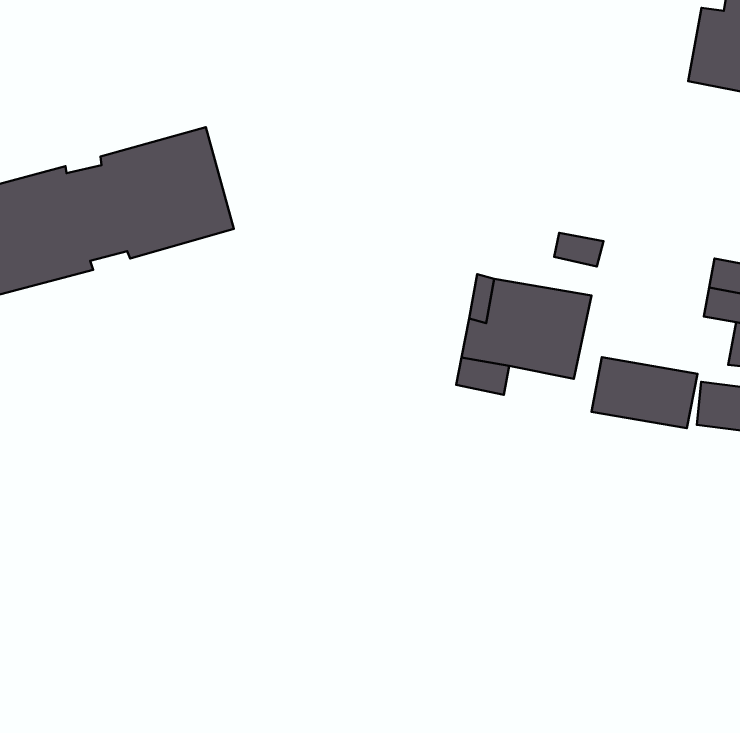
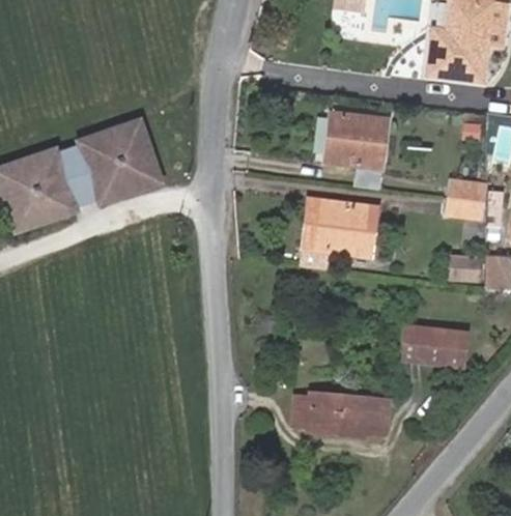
building: none -> [324,111,389,168]
building: [591,357,697,428] -> [404,325,466,365]
building: none -> [294,393,390,434]

